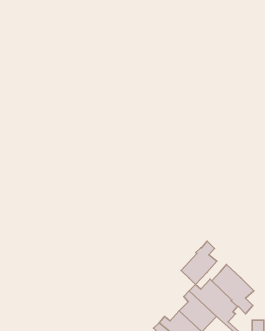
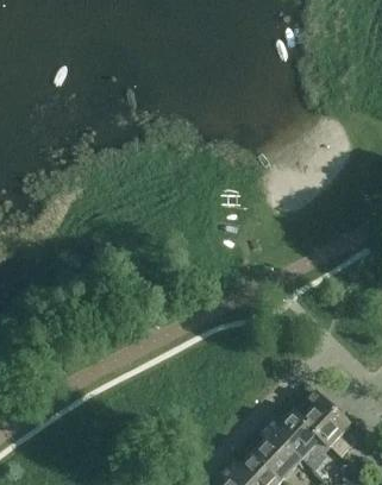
building: [181,241,217,285] -> none

